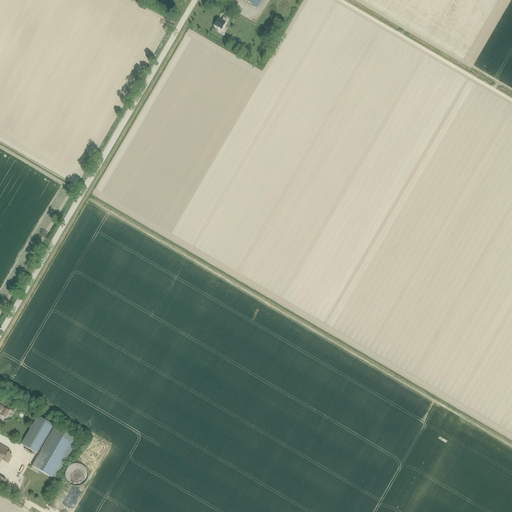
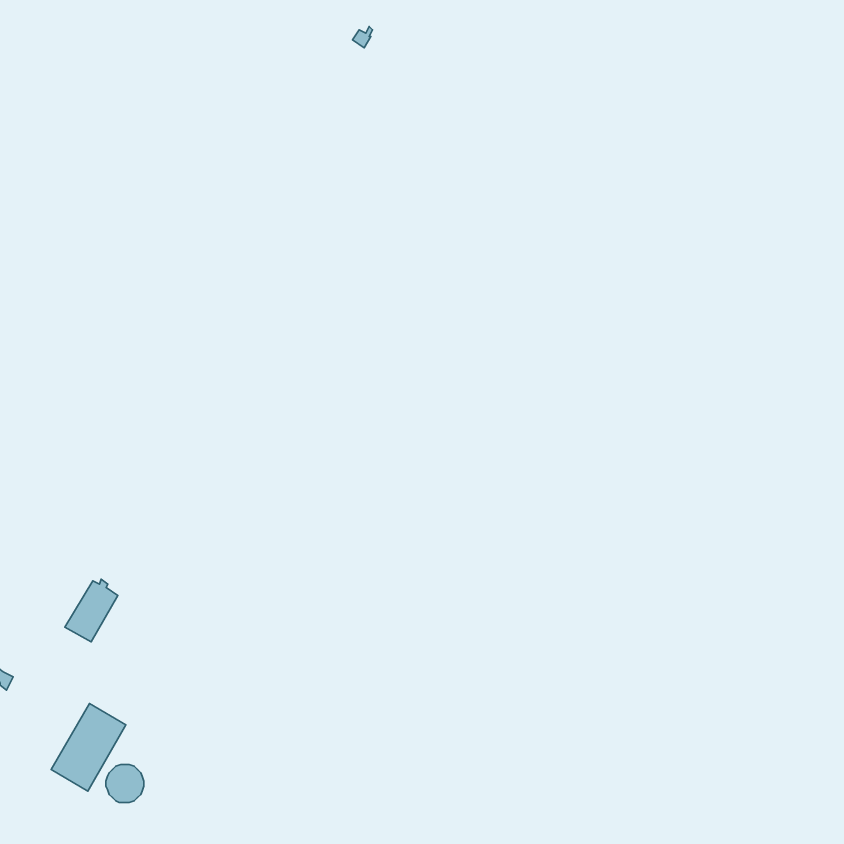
building: [20,414,52,452] -> [65,579,118,642]

